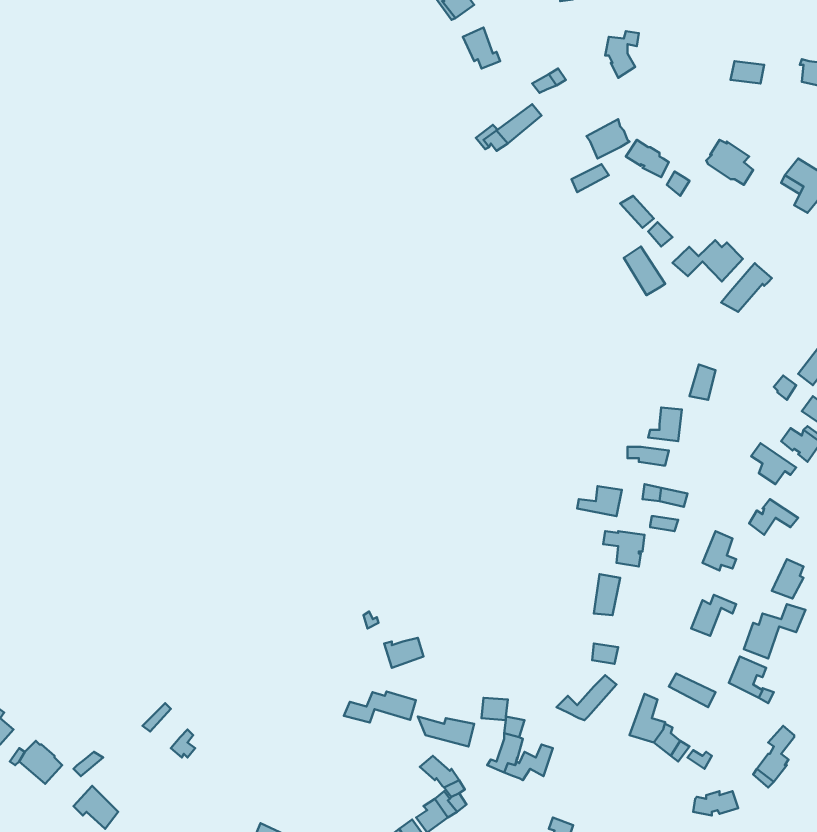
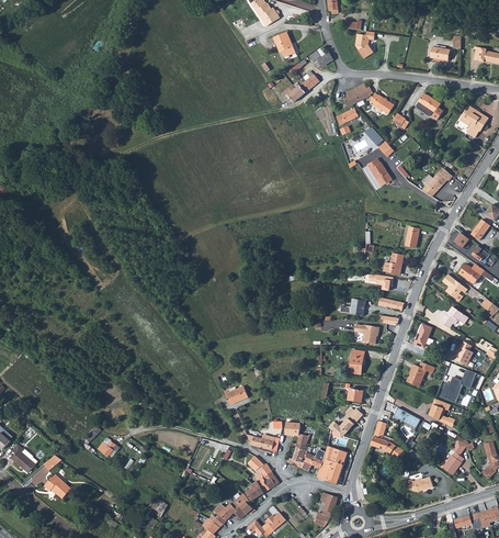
building: [673,240,743,282] -> none
building: [344,692,416,722] -> none
building: none -> [317,447,347,483]

